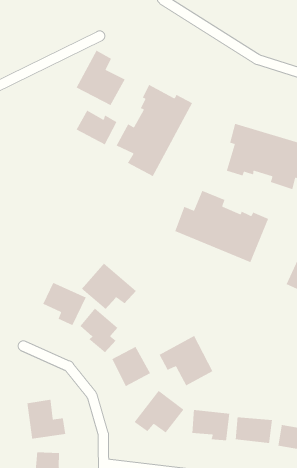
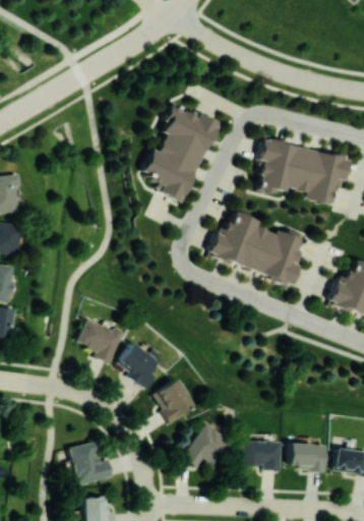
building: [76,50,126,106] -> none
building: [75,109,118,146] -> none
building: [81,263,137,310] -> none
building: [159,335,214,386] -> none

